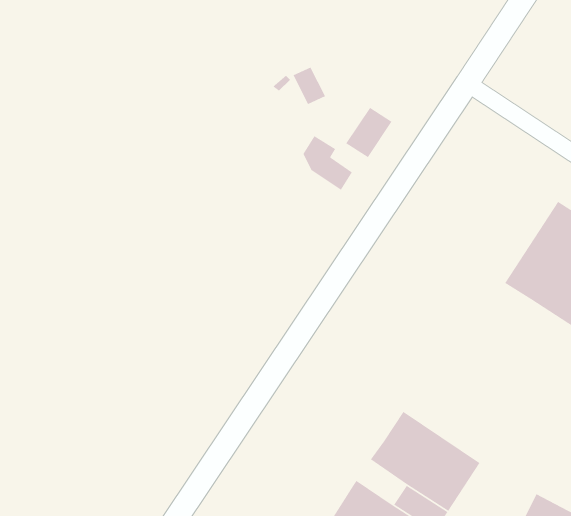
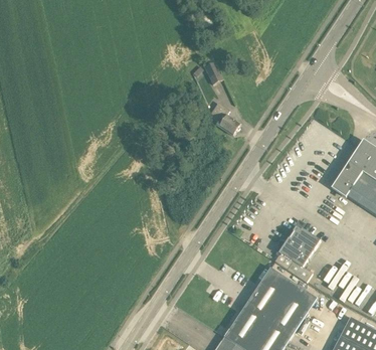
building: [345,107,393,158] -> none
building: none -> [274,227,320,283]
building: none -> [242,296,272,323]

